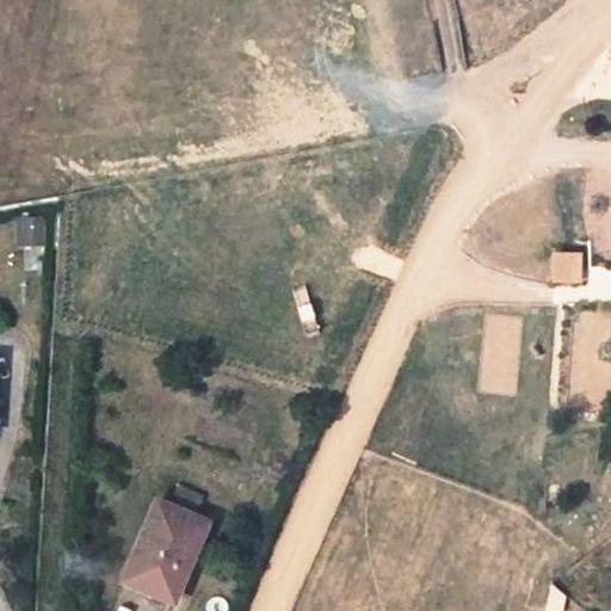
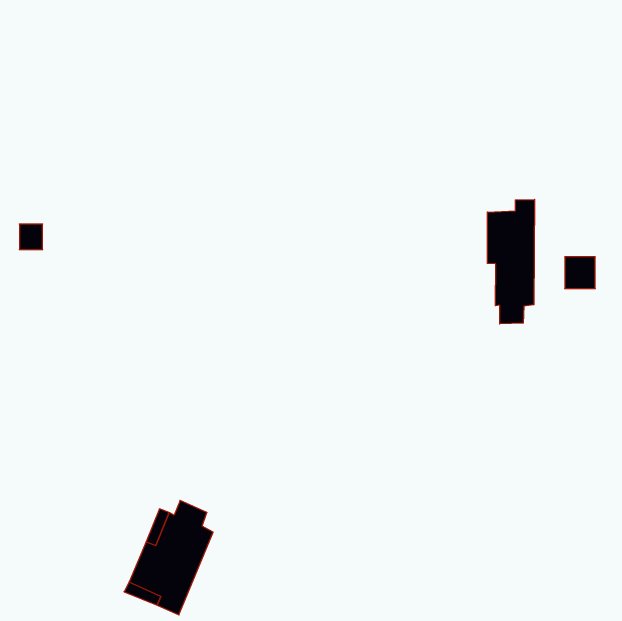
building: none -> [487,199,535,324]

